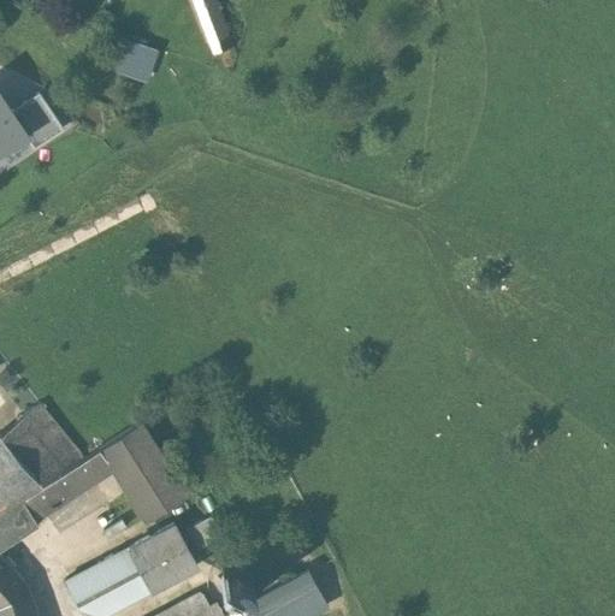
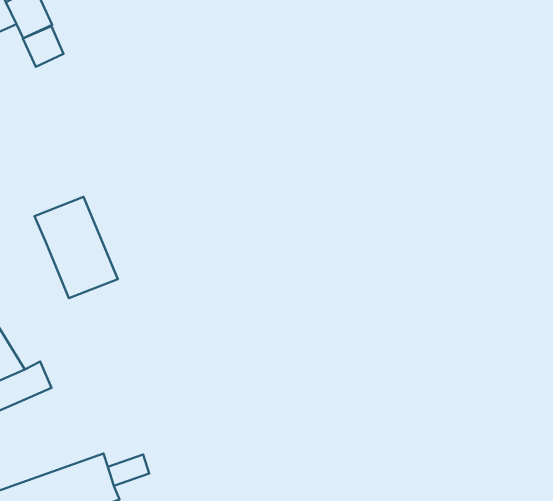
building: none -> [23,26,64,67]
building: [99,425,187,522] -> [34,197,118,298]

